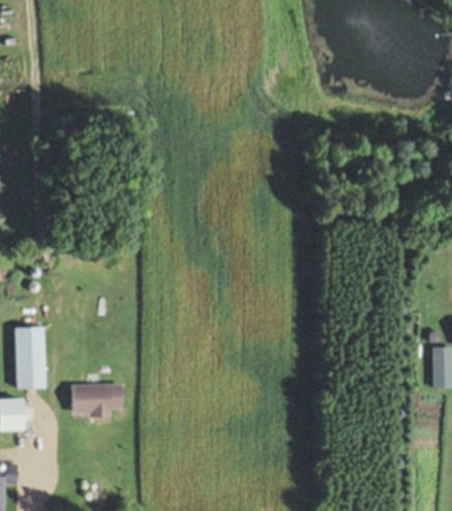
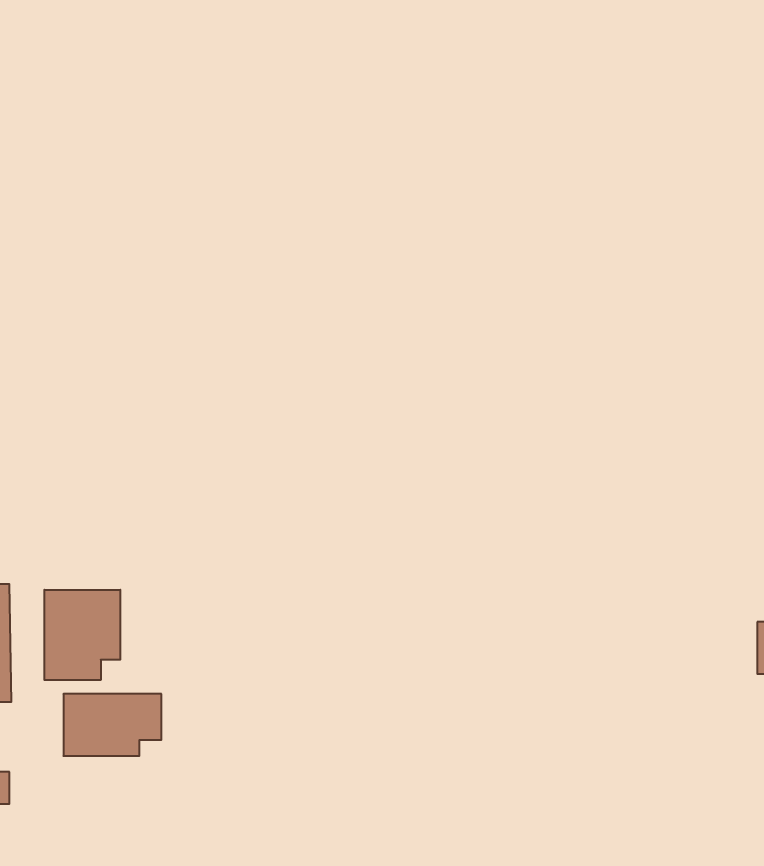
building: none -> [44,590,120,680]

